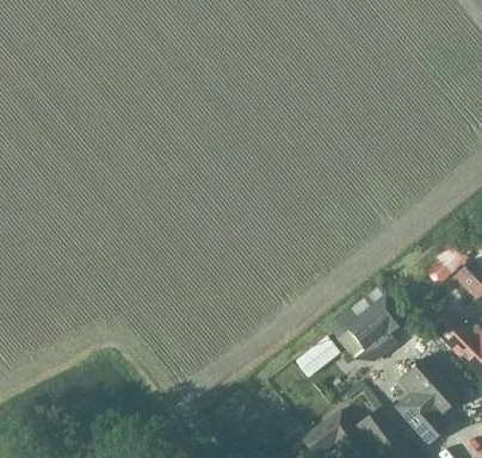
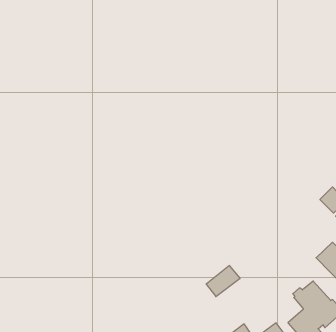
building: [339,286,407,351] -> none

